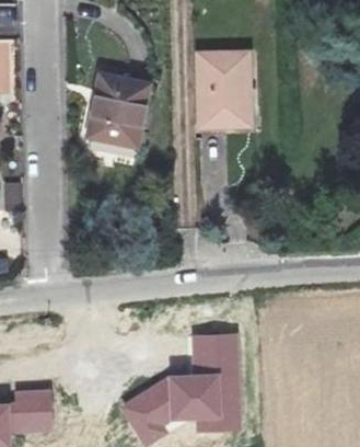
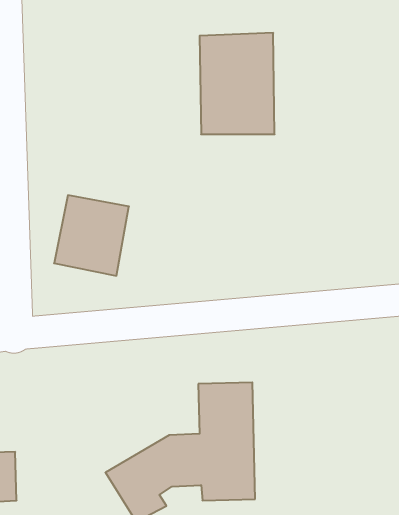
building: [85,80,144,144] -> [54,195,129,276]

